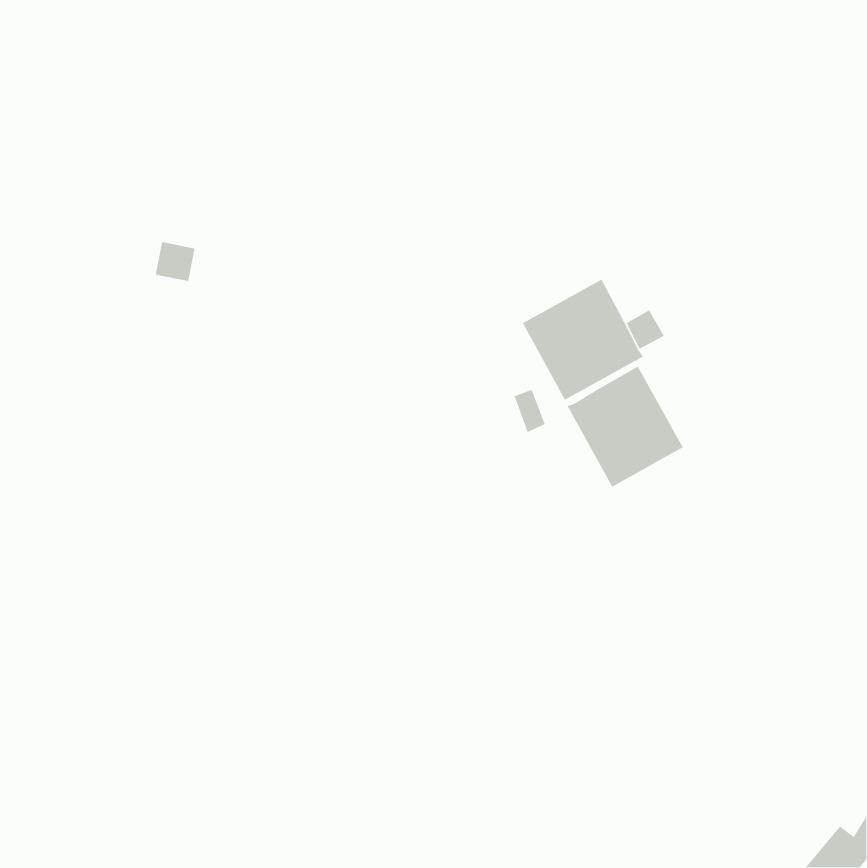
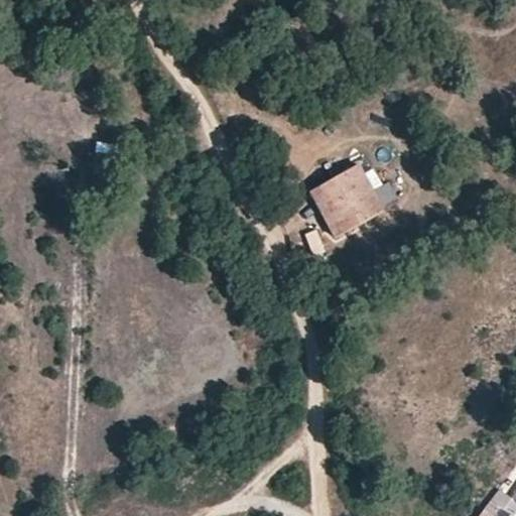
building: [567,365,684,488] -> none

